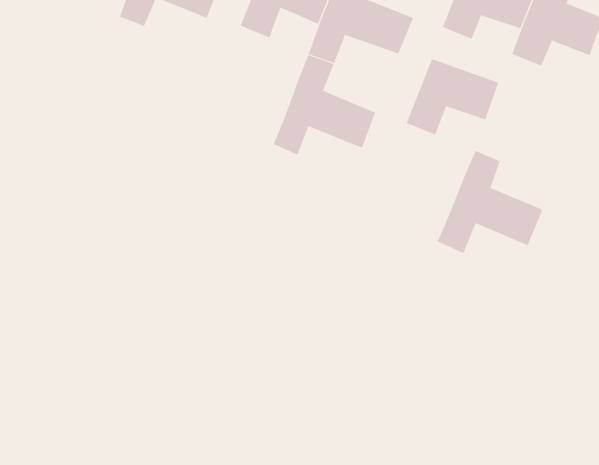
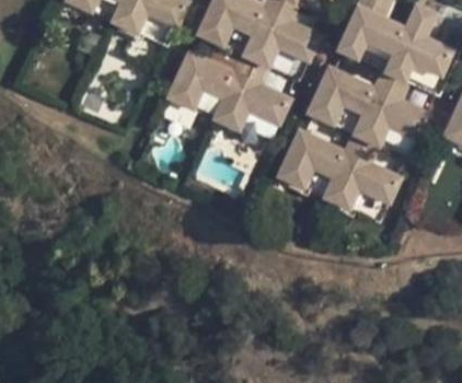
building: none -> [173,61,241,115]
building: none -> [365,72,440,148]
building: none -> [286,138,355,192]

